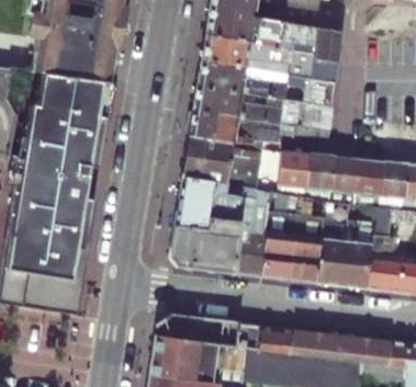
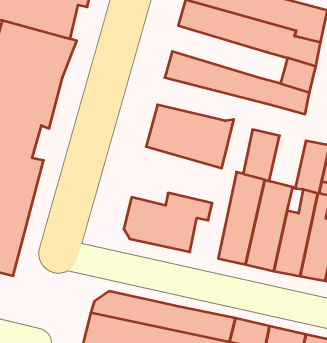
building: [206,59,296,101] -> none
building: [198,110,304,145] -> none
building: [311,153,341,202] -> none
building: [182,177,279,275] -> none

